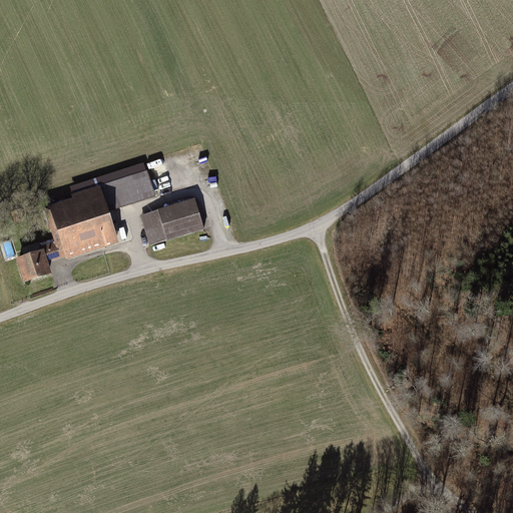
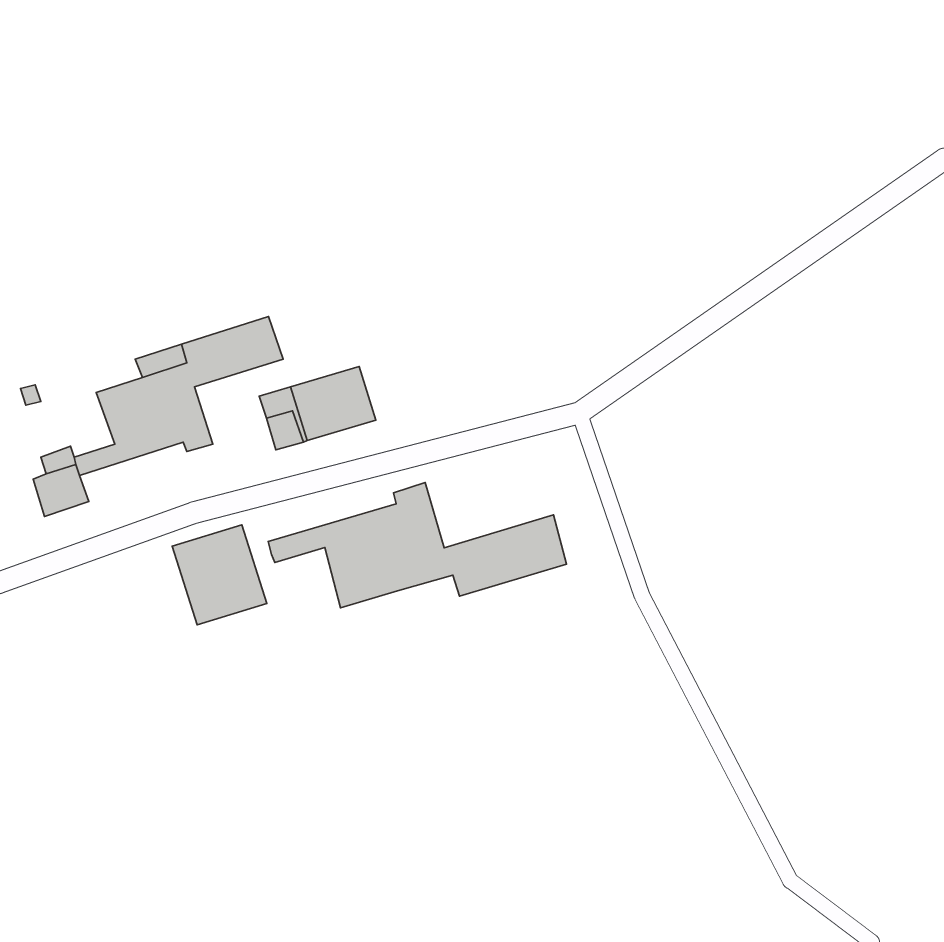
building: none -> [268,483,567,608]
building: none -> [172,525,267,625]

